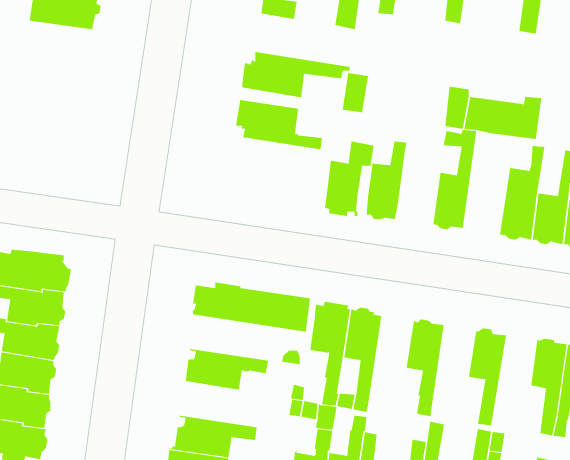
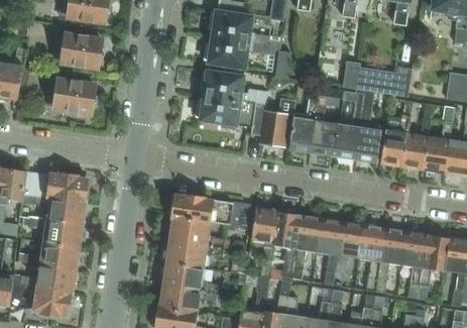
building: none -> [210,10,280,47]
building: none -> [53,32,103,68]
building: none -> [46,78,97,113]
building: none -> [310,86,341,155]
building: none -> [356,91,381,162]
building: none -> [197,95,266,135]
building: none -> [169,216,230,248]
building: none -> [291,217,322,280]
building: none -> [336,223,364,274]
building: none -> [375,229,405,294]
building: none -> [162,261,218,293]

